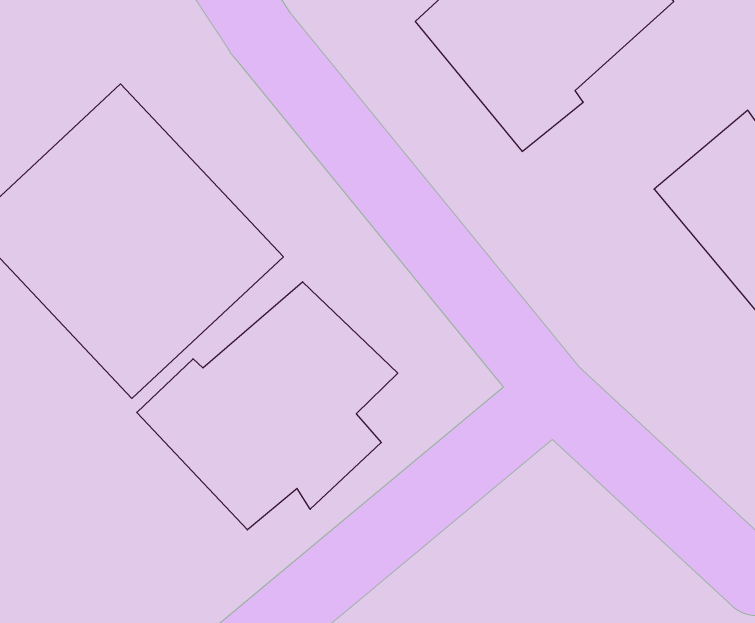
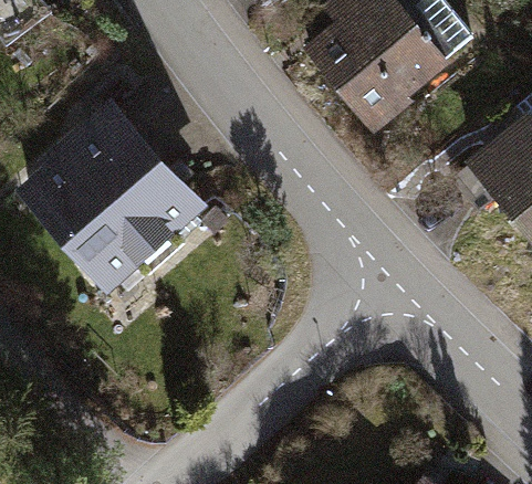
building: [137,282,398,530] -> none

